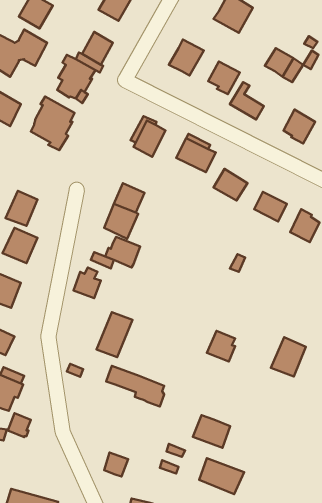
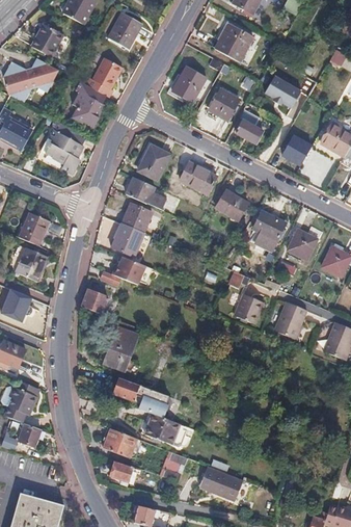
building: none -> [126,176,163,209]
building: [207,331,235,362] -> [236,294,263,323]
building: [271,337,306,377] -> [276,301,309,339]
building: [193,415,230,448] -> [144,412,180,443]
building: none -> [103,426,137,456]

